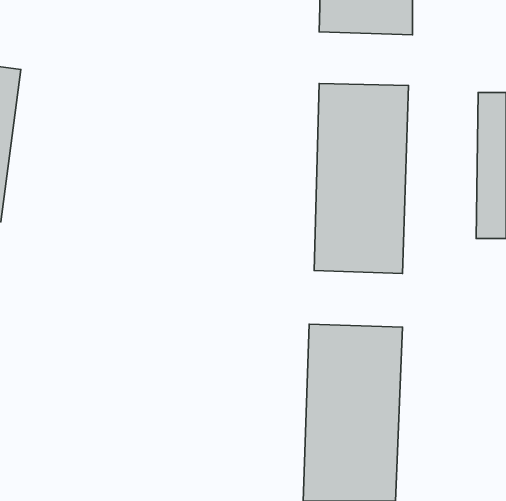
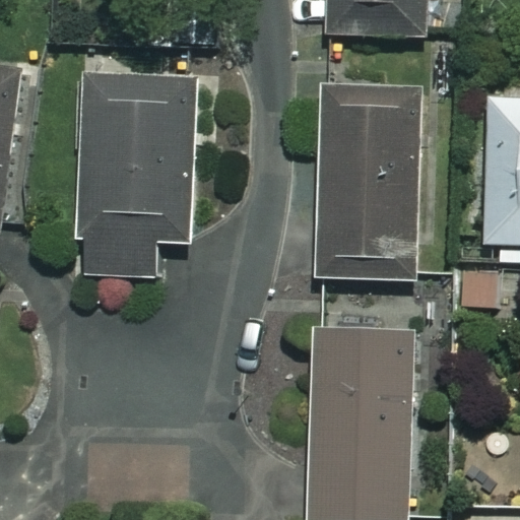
building: none -> [82,79,193,273]

